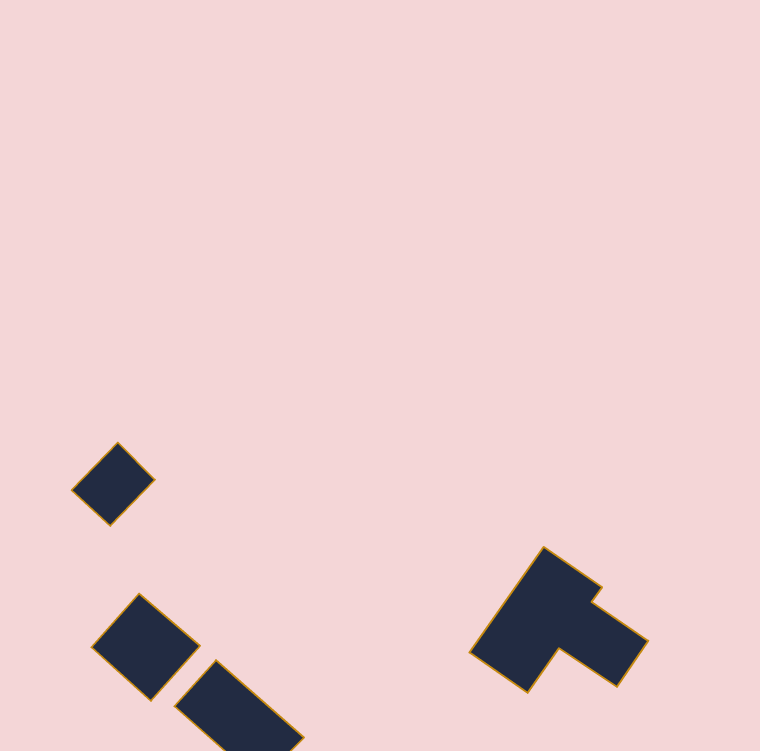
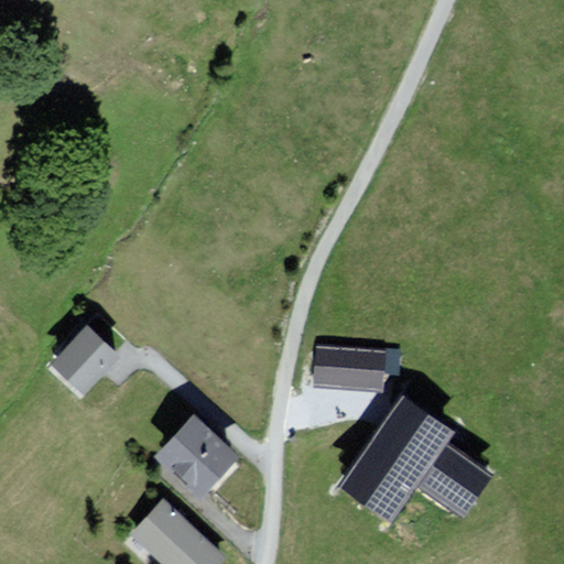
building: none -> [318,349,380,390]
building: [91,594,200,701] -> [158,413,238,492]

